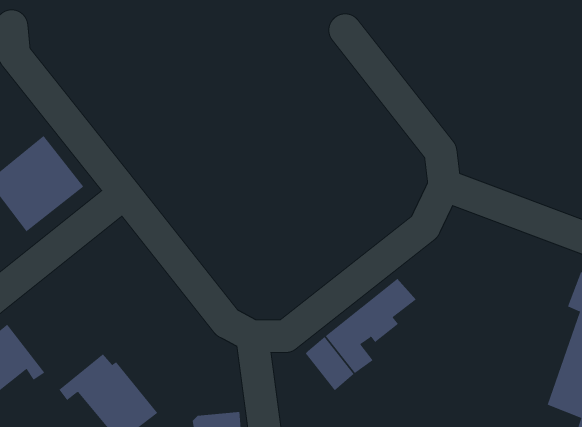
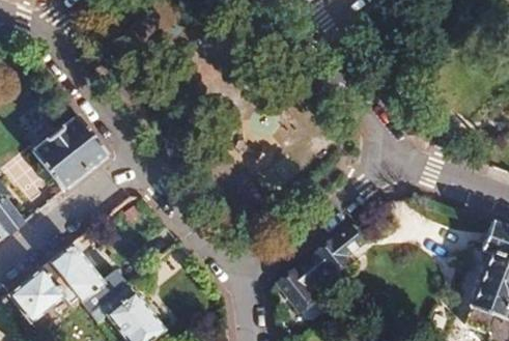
building: none -> [50,243,125,312]

